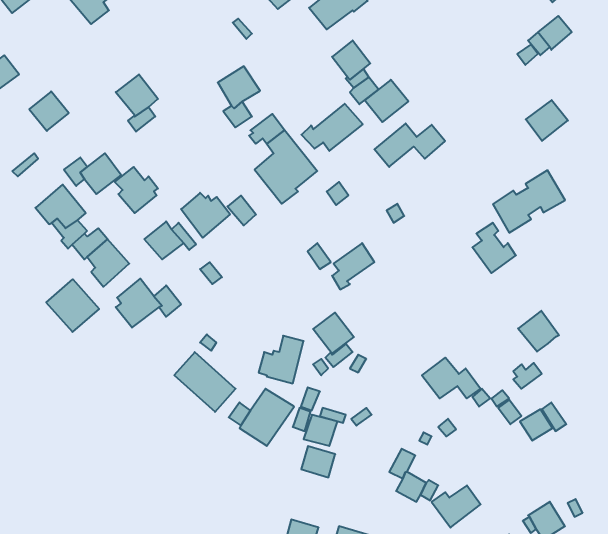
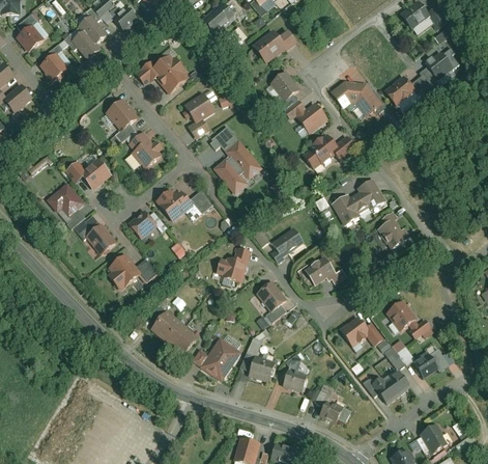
building: none -> [136,54,188,92]
building: none -> [331,81,382,117]
building: [29,91,69,131] -> [38,51,68,81]
building: [526,100,568,141] -> [383,75,415,106]
building: [301,104,363,151] -> none
building: [114,167,158,213] -> [130,132,163,167]
building: [493,170,565,233] -> [332,178,386,225]
building: [46,279,99,332] -> none
building: none -> [305,254,346,284]
building: [518,311,559,352] -> [385,299,417,330]
building: [259,336,304,383] -> [216,245,250,281]
building: [301,446,335,477] -> [282,367,308,391]
building: [432,485,481,528] -> [372,371,409,403]

